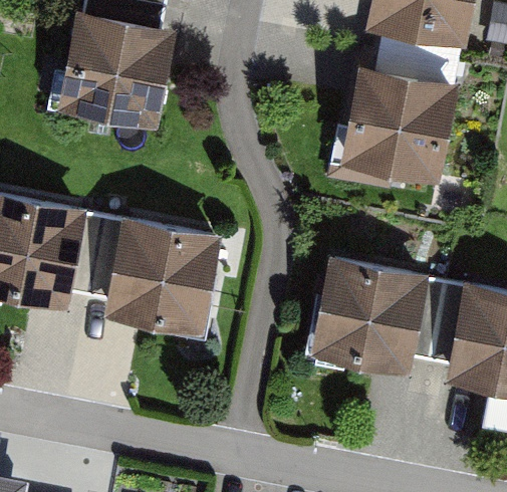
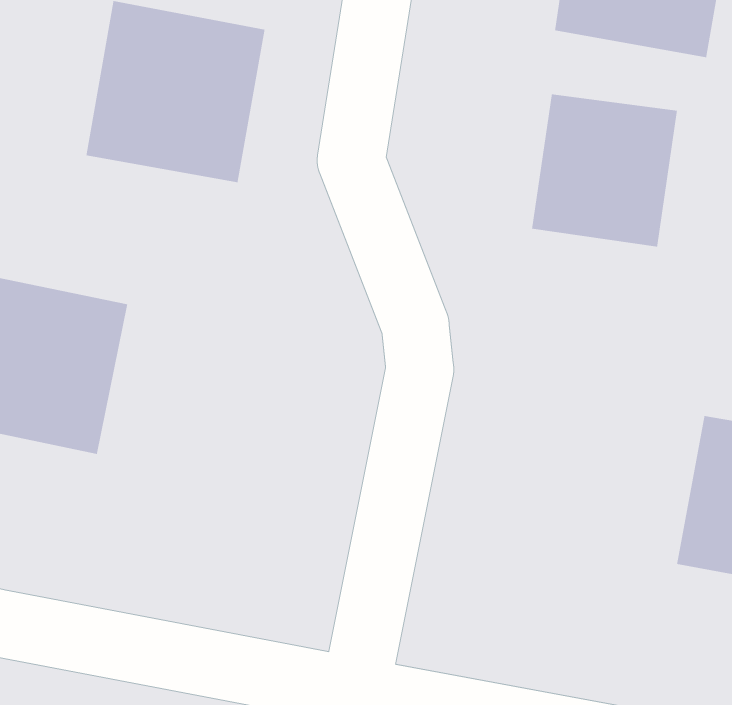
building: [104,219,222,336] -> none
building: [310,257,430,376] -> none

